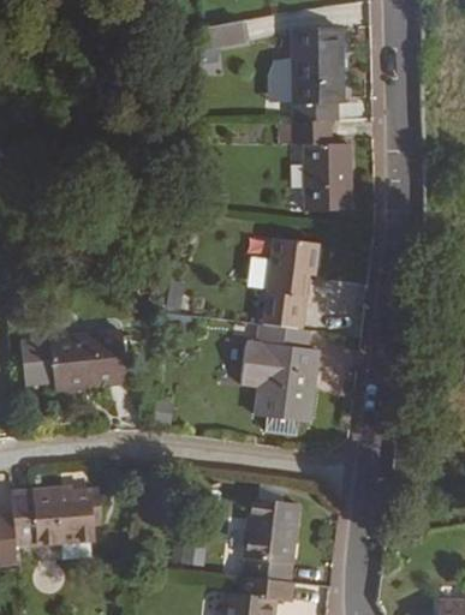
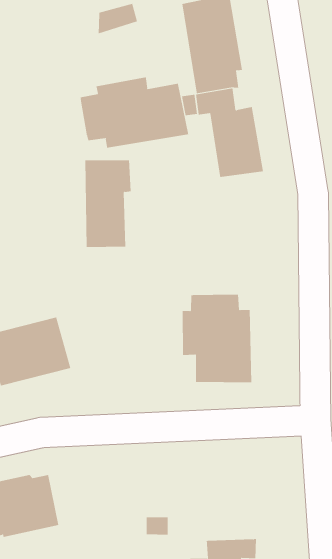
building: none -> [80,77,189,148]
building: [262,237,318,330] -> [85,160,132,247]
building: [243,497,299,581] -> none

